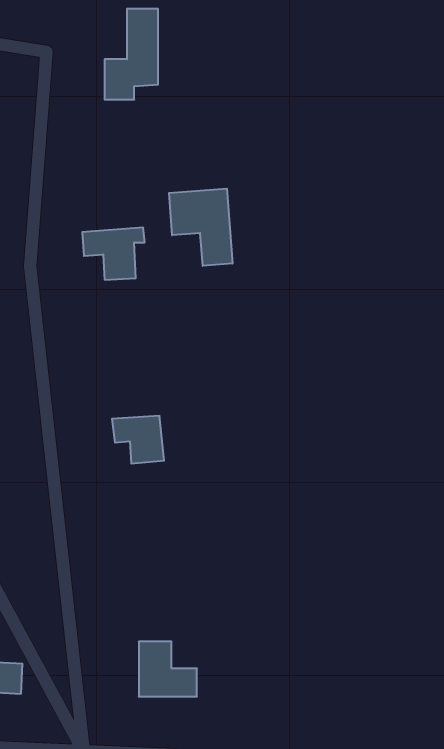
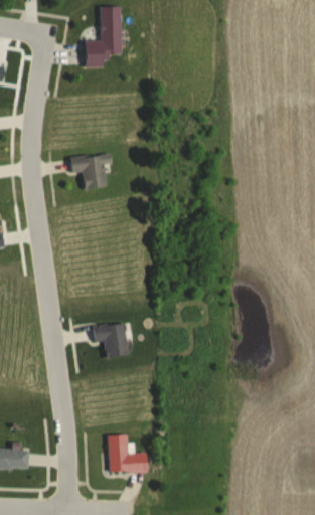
building: [169,189,232,266] -> none
building: [112,416,164,464] -> [93,324,128,356]

